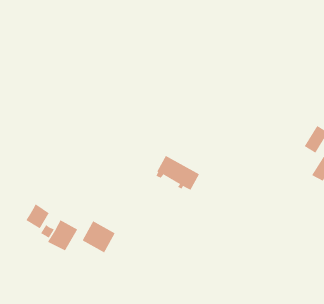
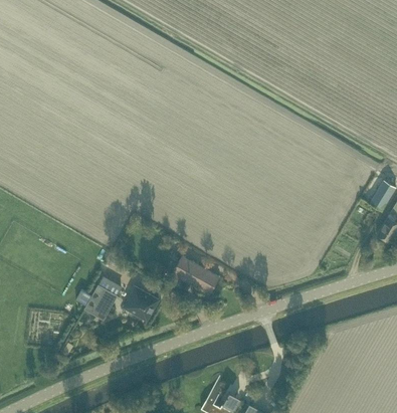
building: [156,155,200,190] -> [170,255,219,294]
building: [26,204,50,229] -> none

